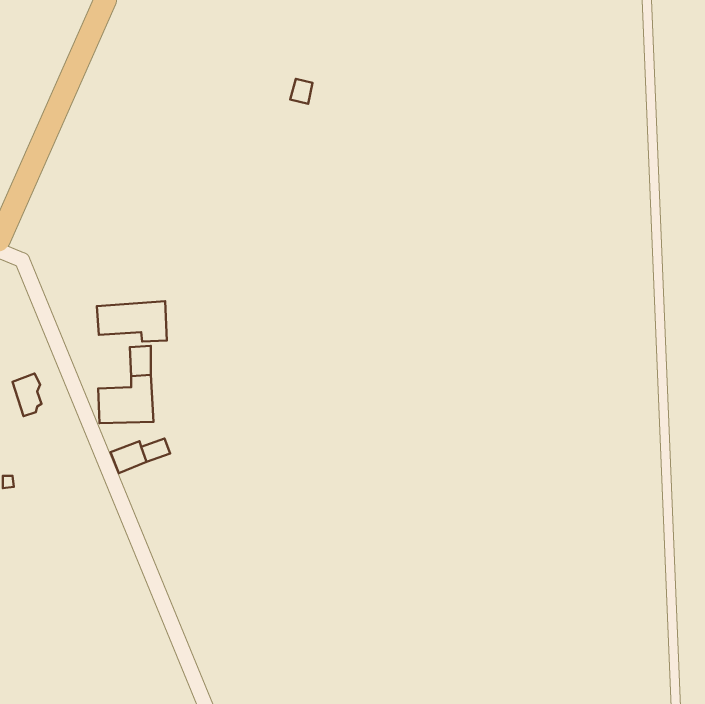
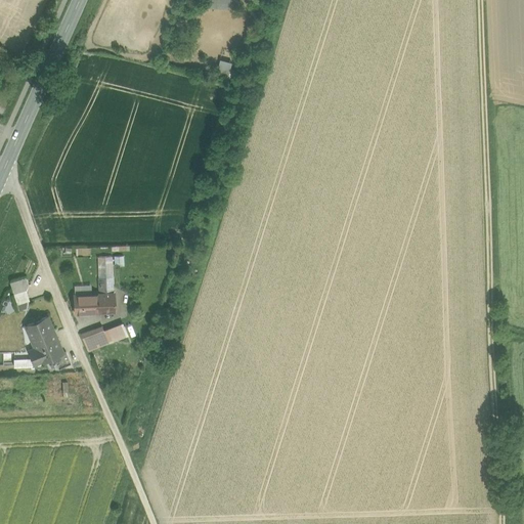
building: [97,301,167,341] -> none
building: none -> [27,314,67,364]

